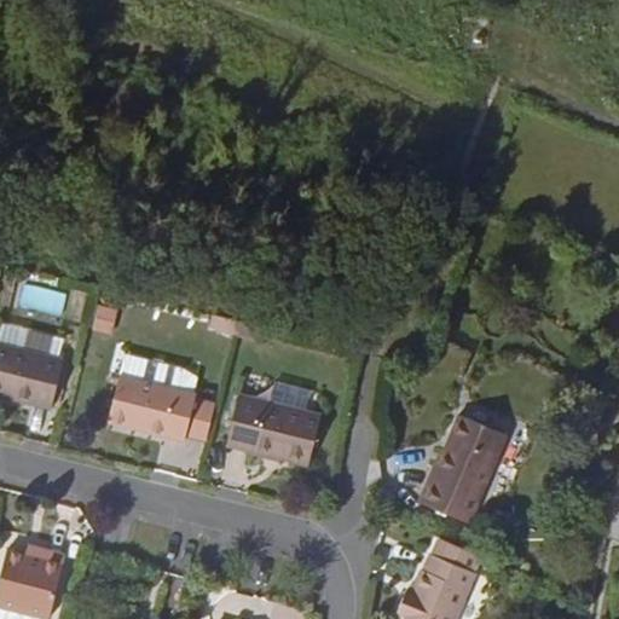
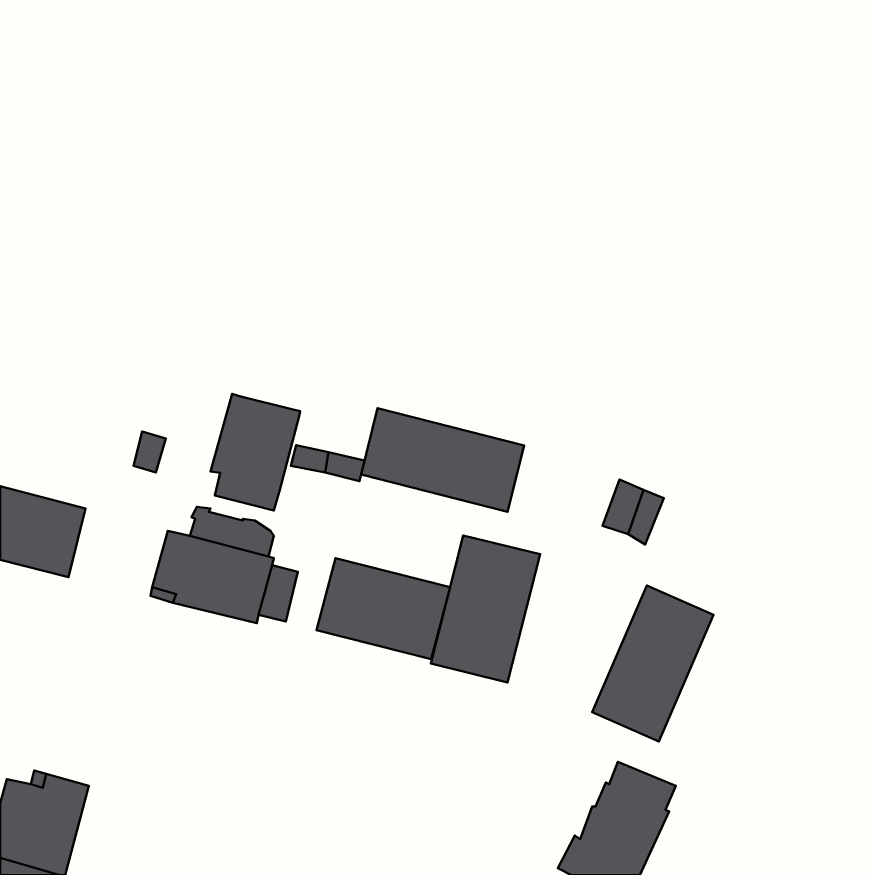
building: none -> [211,394,300,510]
building: none -> [361,408,524,512]
building: none -> [431,535,540,683]

